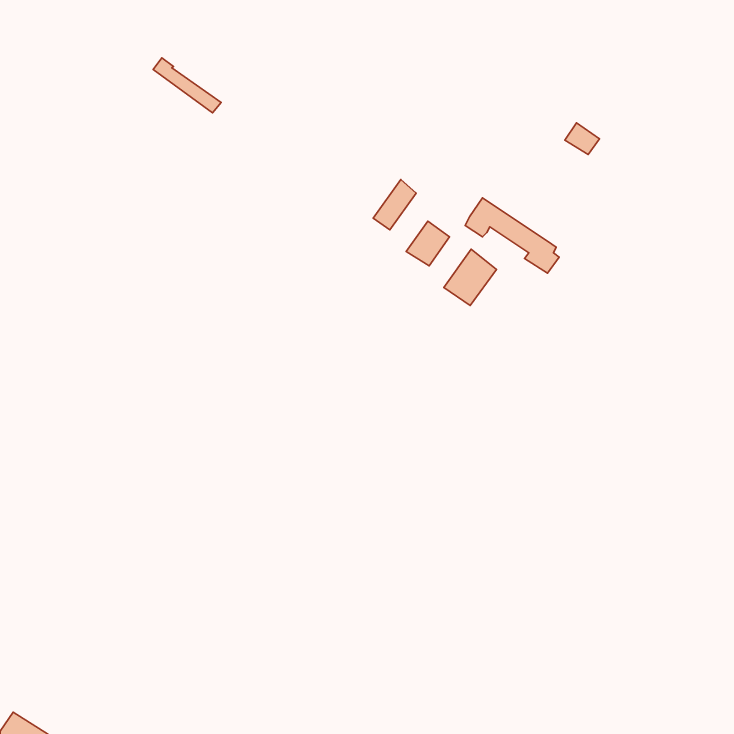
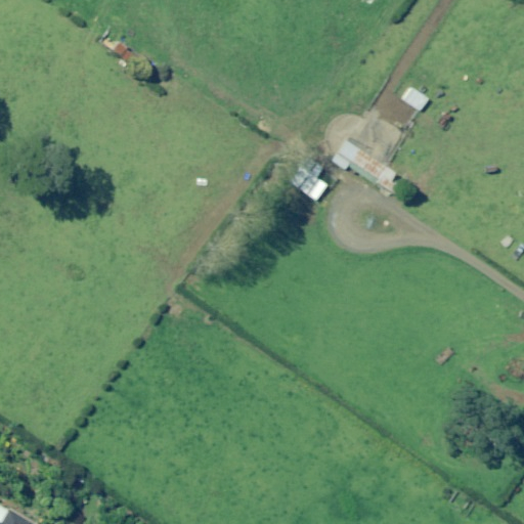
building: [373,179,416,230] -> none
building: [444,249,496,306] -> none

